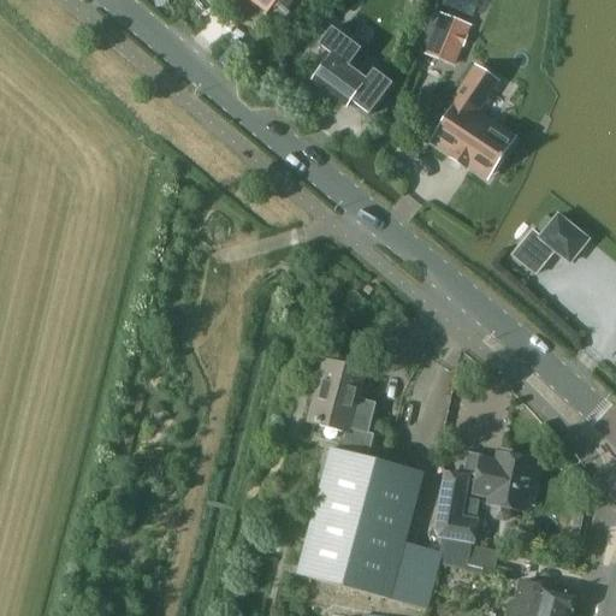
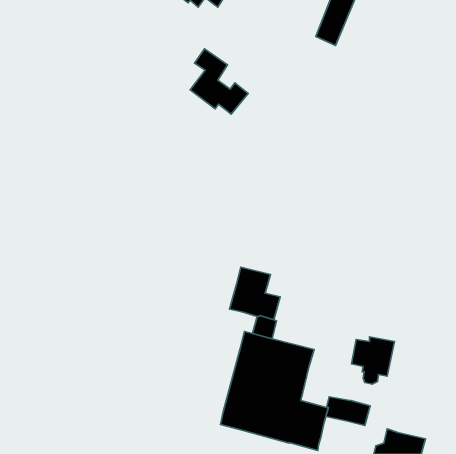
building: [312,23,390,111] -> [190,49,248,114]
building: [430,69,513,177] -> none
building: [513,213,587,272] -> none
building: [436,470,479,539] -> none

